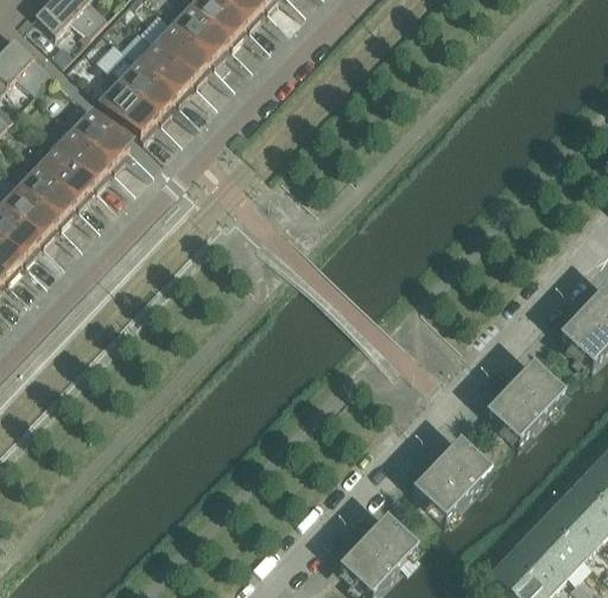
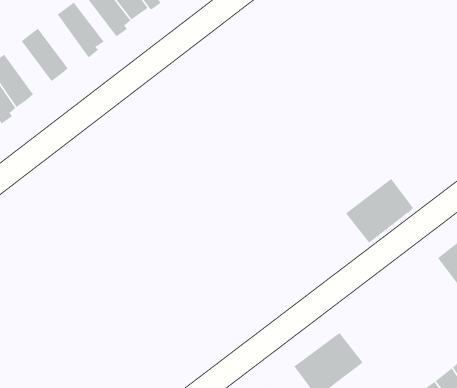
building: [51,119,112,179] -> none
building: [17,157,76,220] -> none
building: [486,358,565,439] -> [345,178,414,244]

